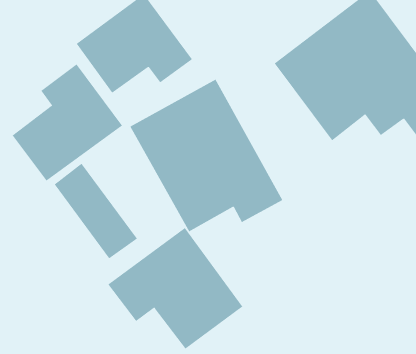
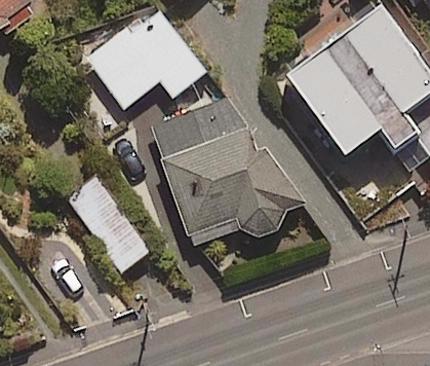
building: [12,63,123,182] -> none
building: [108,227,243,350] -> none

